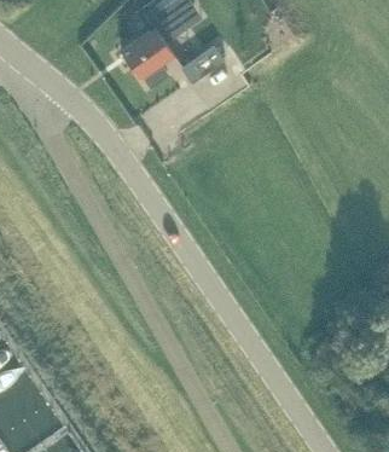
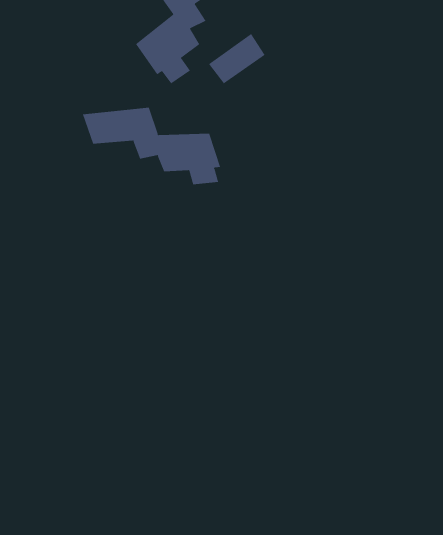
building: none -> [82,107,221,185]

